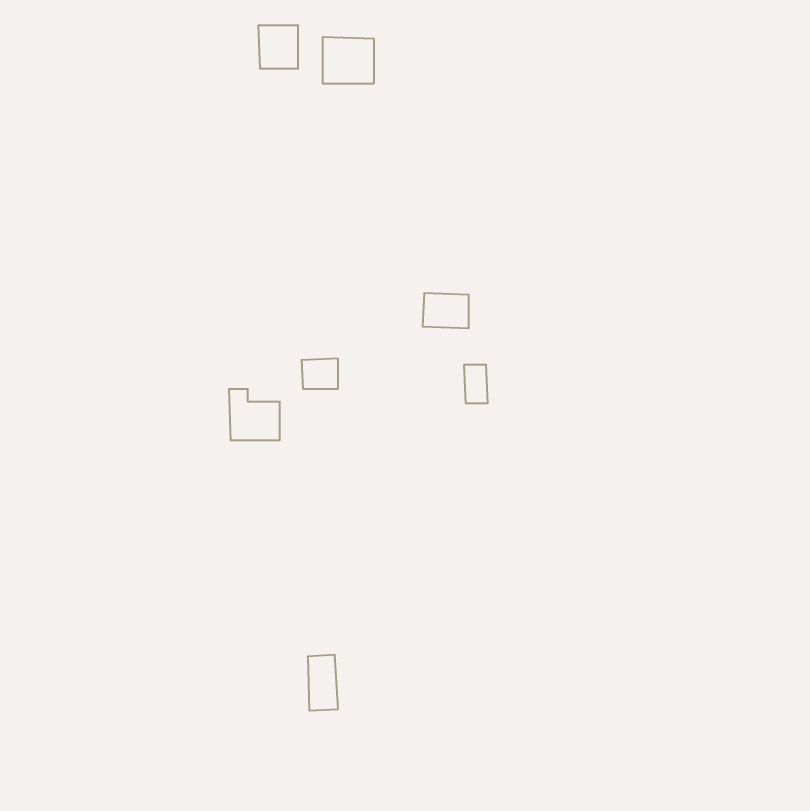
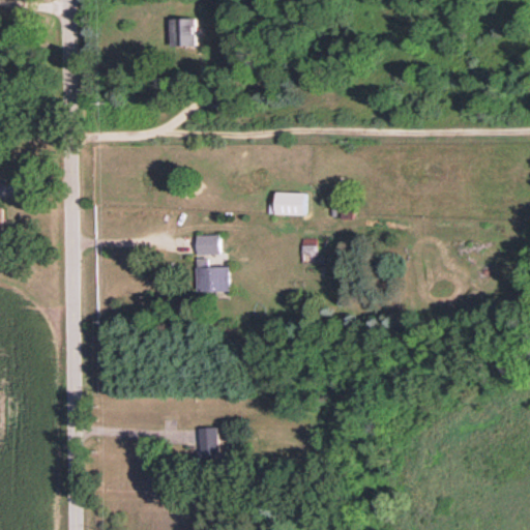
building: [323,37,374,84] -> none
building: [229,389,280,440] -> [196,259,229,292]

